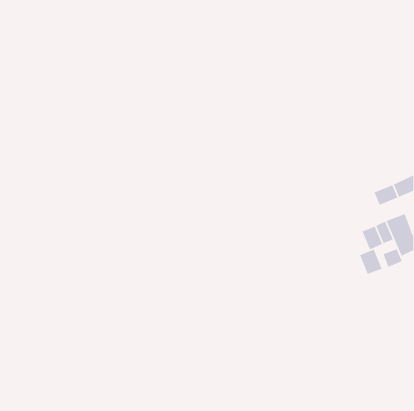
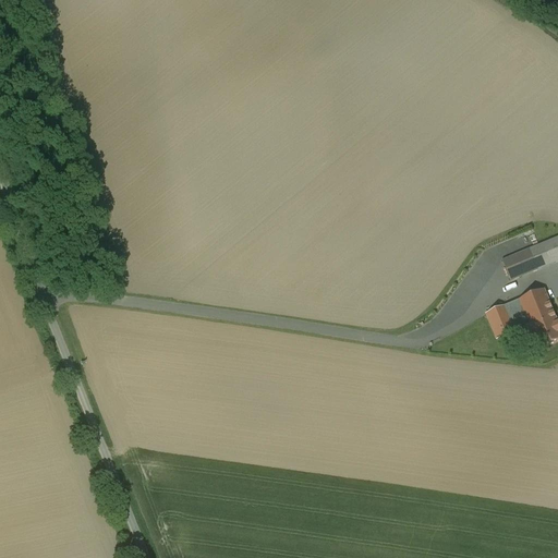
building: [383,248,403,268] -> none
building: [359,248,383,275] -> none

